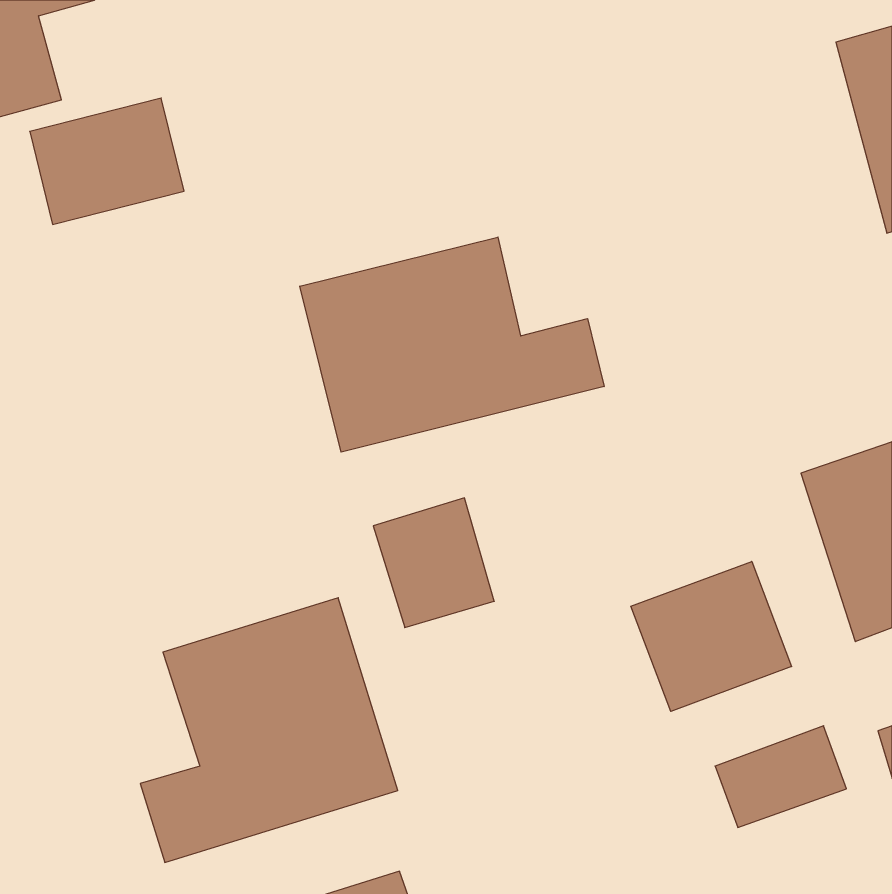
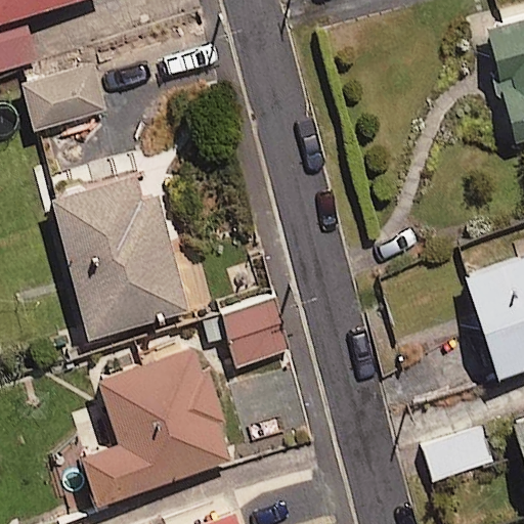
building: [300,237,604,452] -> none
building: none -> [54,175,187,335]
building: [631,561,792,711] -> none

